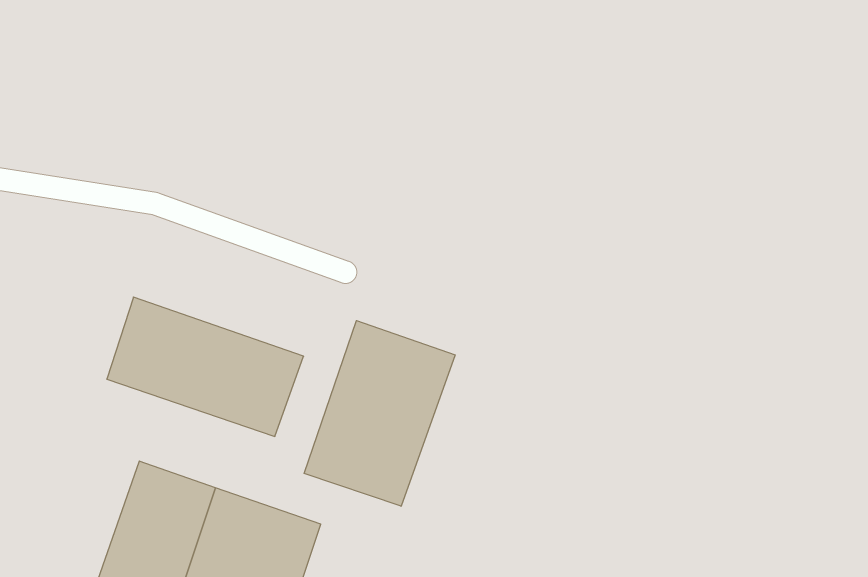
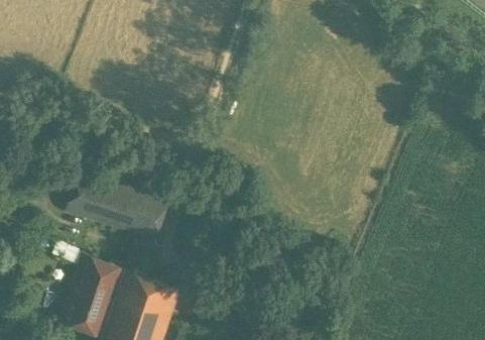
building: [304,321,455,506] -> none

